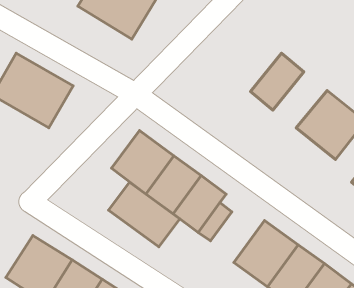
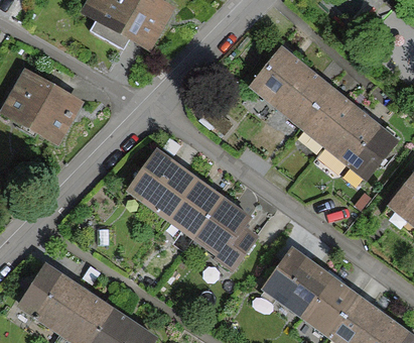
building: none -> [250,44,310,107]
building: none -> [301,86,360,146]
building: [109,182,180,247] -> none

